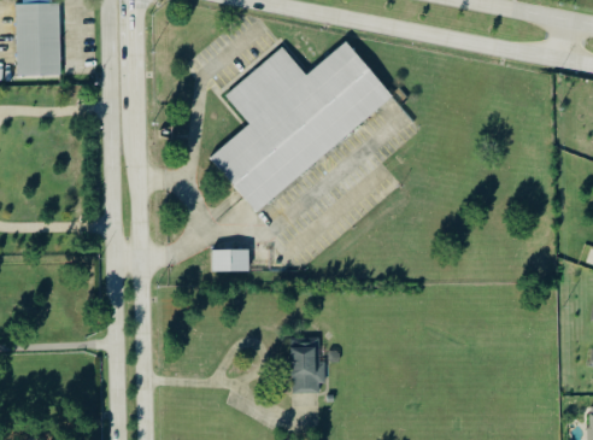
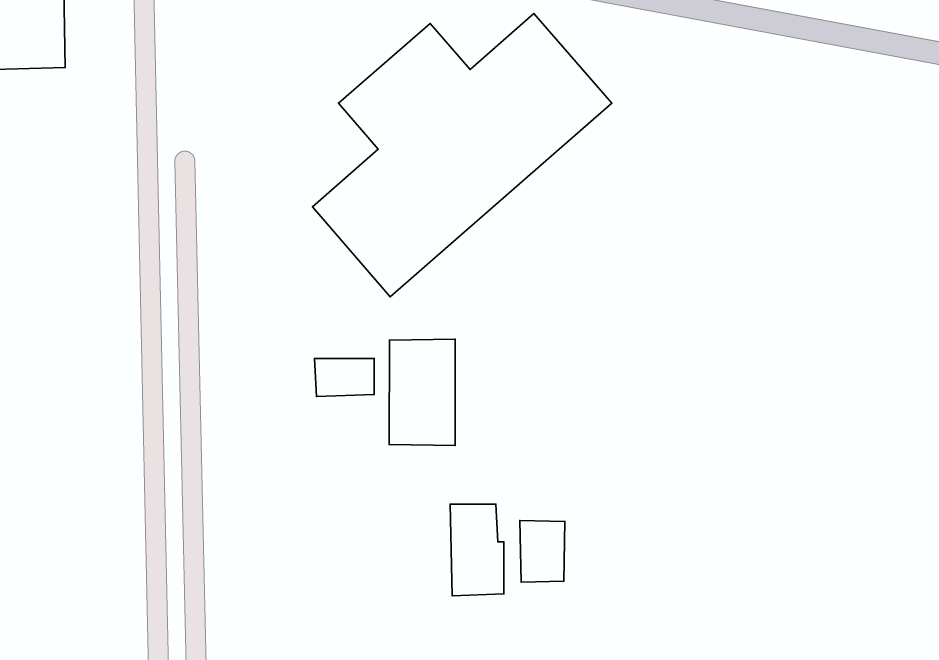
building: none -> [389,339,455,445]
building: none -> [520,520,565,582]

